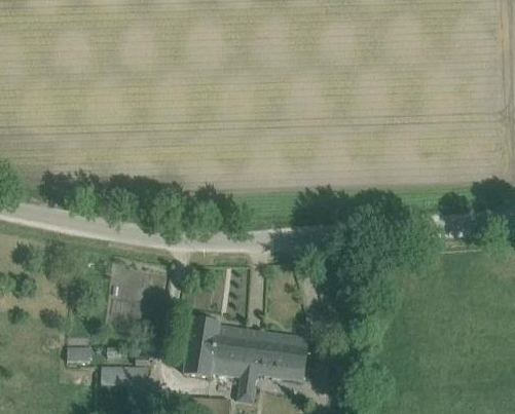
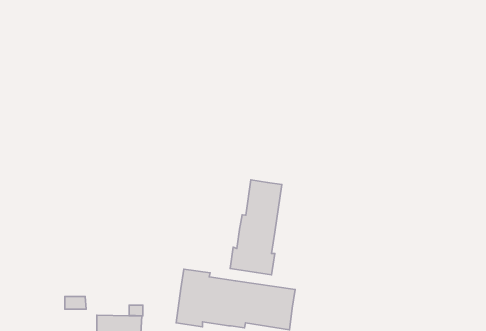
building: none -> [230,180,282,275]

